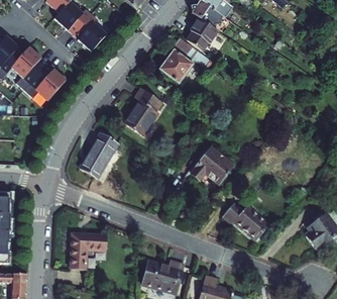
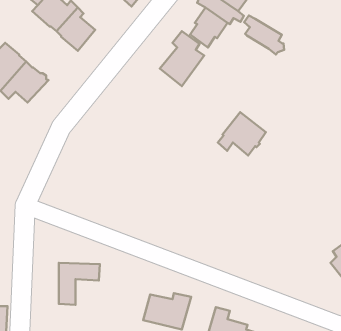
building: none -> [244,16,284,54]
building: [124,86,161,134] -> none
building: [79,131,117,178] -> none
building: [192,146,233,184] -> [218,112,266,156]
building: [223,206,267,241] -> none

